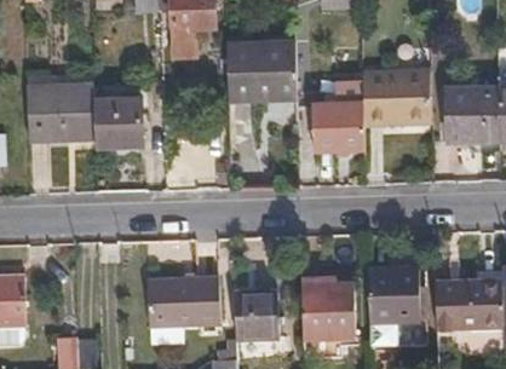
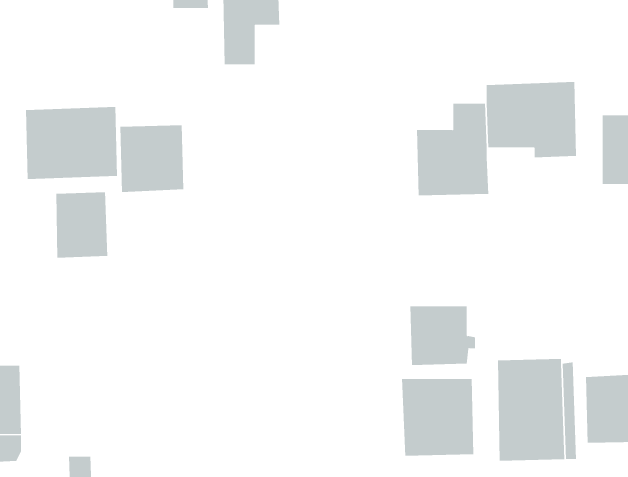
building: [226,39,297,99] -> none
building: none -> [56,191,108,259]
building: [148,277,223,327] -> none
building: [236,292,284,335] -> [410,306,476,365]

